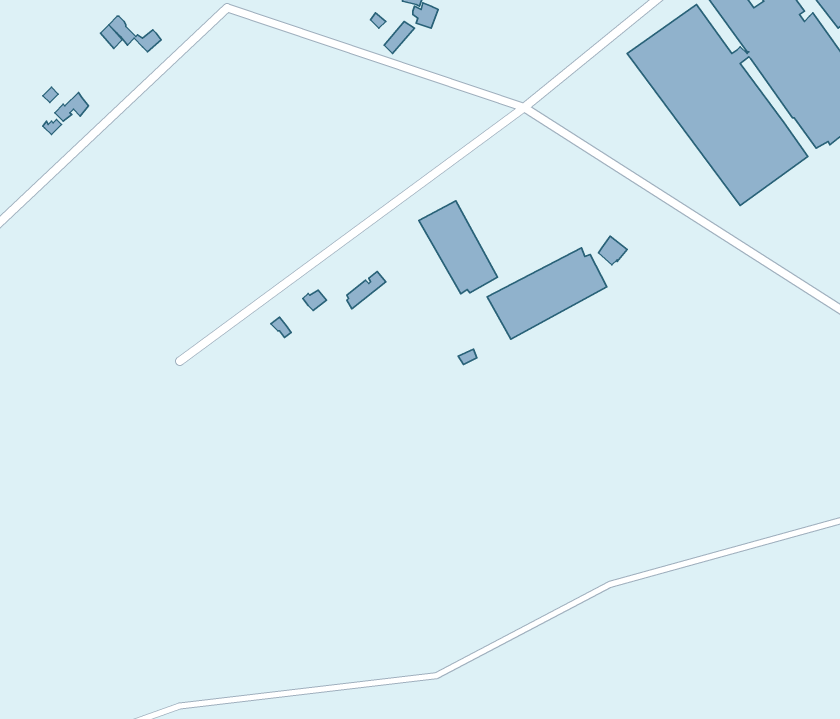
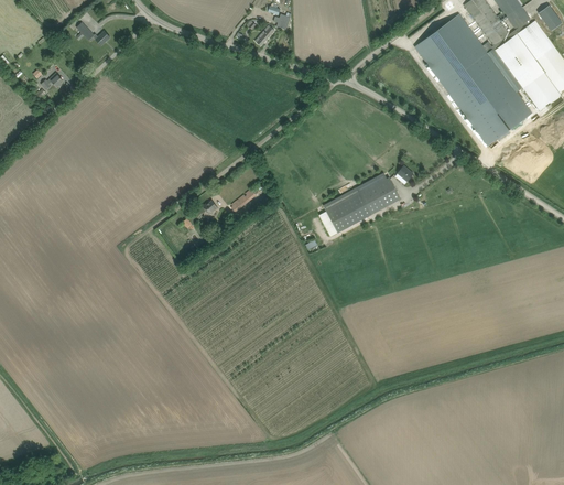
building: [419,201,497,294] -> none

